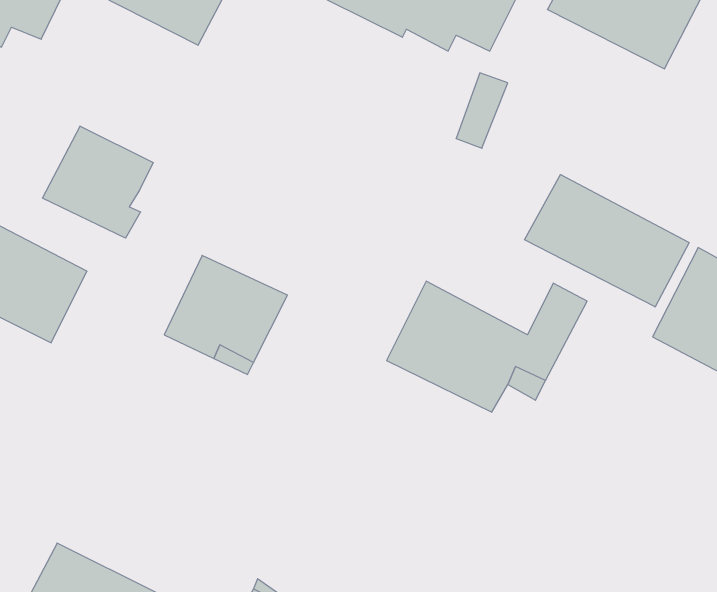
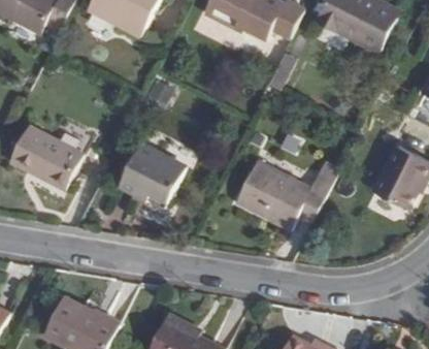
building: [42,126,153,238] -> none
building: [525,175,689,307] -> none

